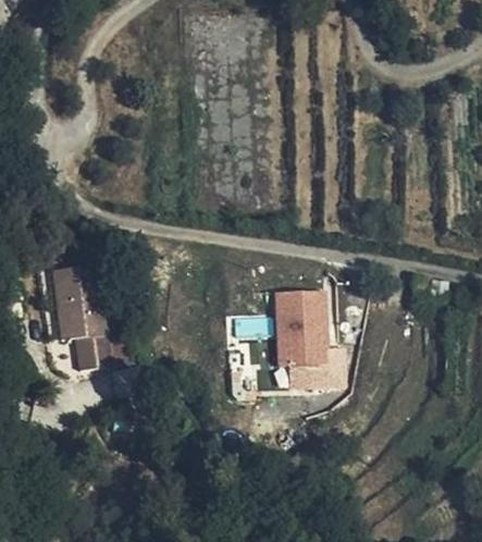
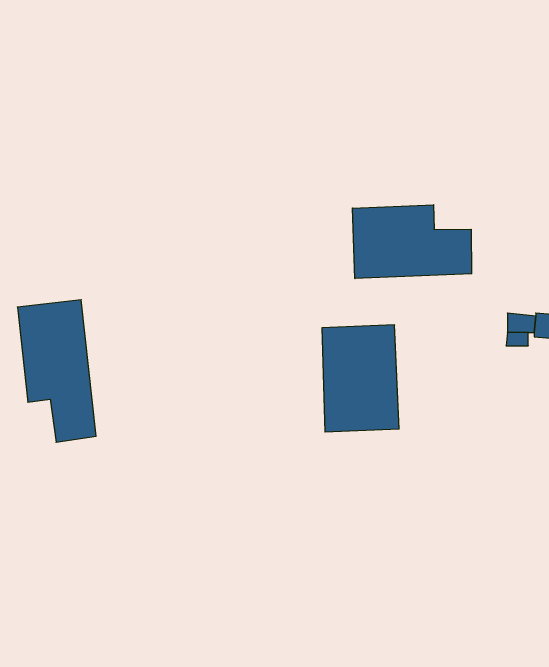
building: none -> [352,205,472,279]

